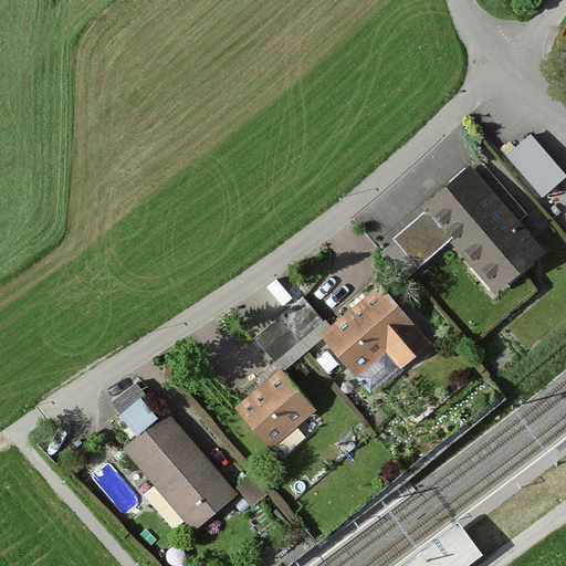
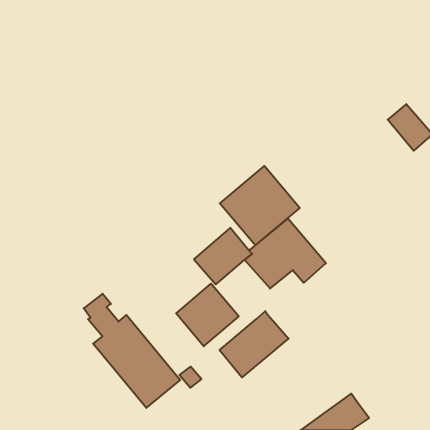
building: [394,167,542,292] -> none
building: none -> [220,166,300,245]
building: none -> [220,311,289,377]

